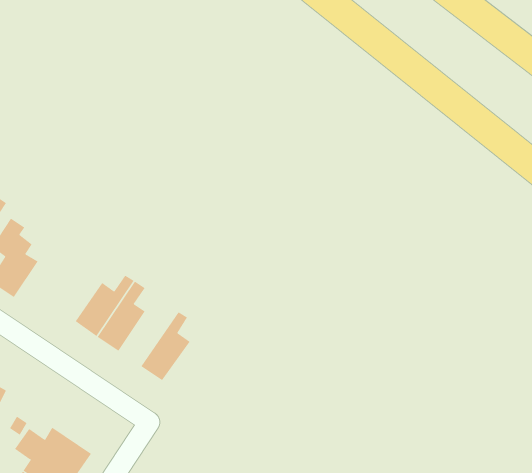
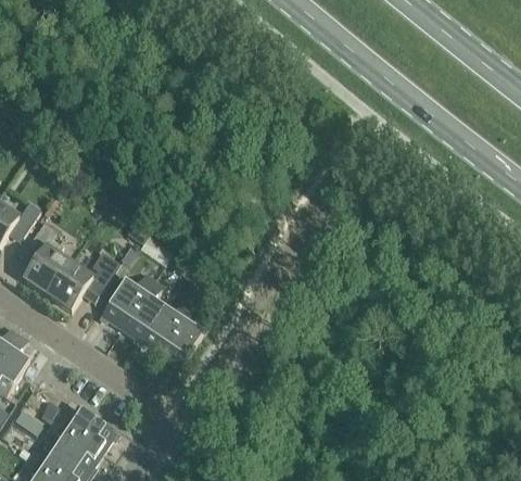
building: none -> [46,249,119,308]
building: none -> [139,298,192,353]

